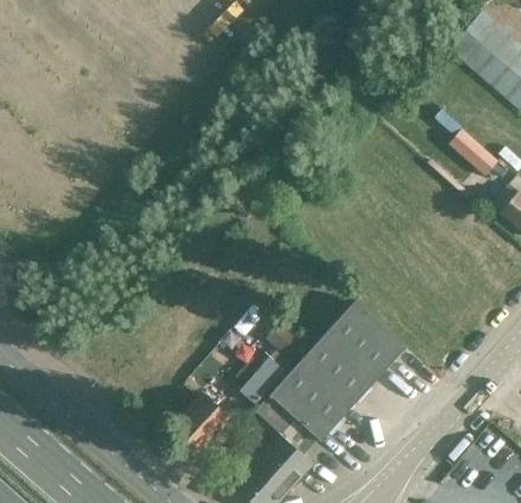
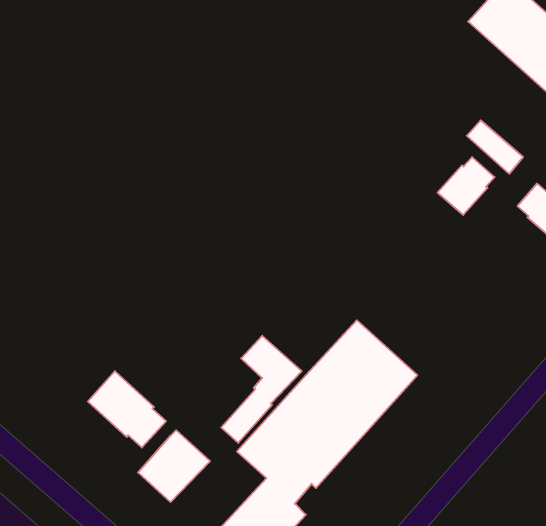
building: none -> [438,157,495,215]
building: none -> [88,371,166,448]

